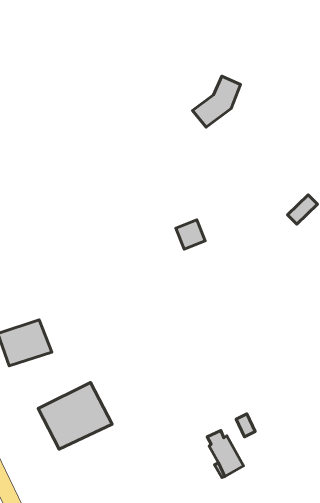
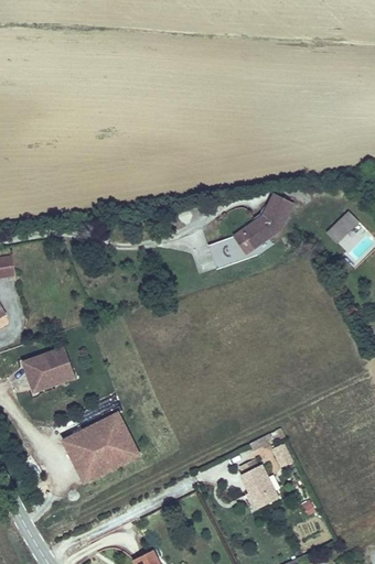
building: [193,76,240,127] -> [238,197,289,251]

